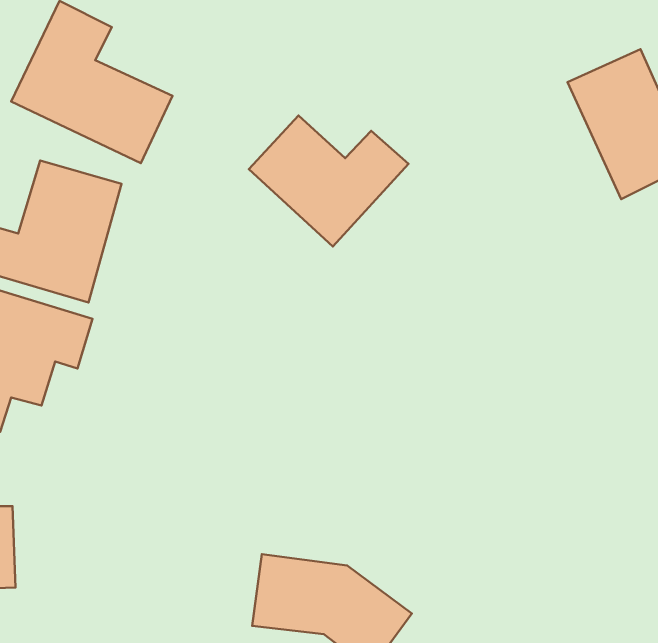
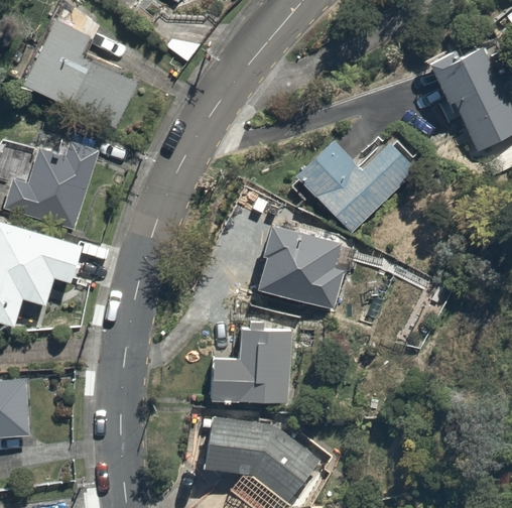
building: [249,116,408,246] -> [292,137,409,233]
building: none -> [254,230,347,309]
building: none -> [208,327,292,407]

